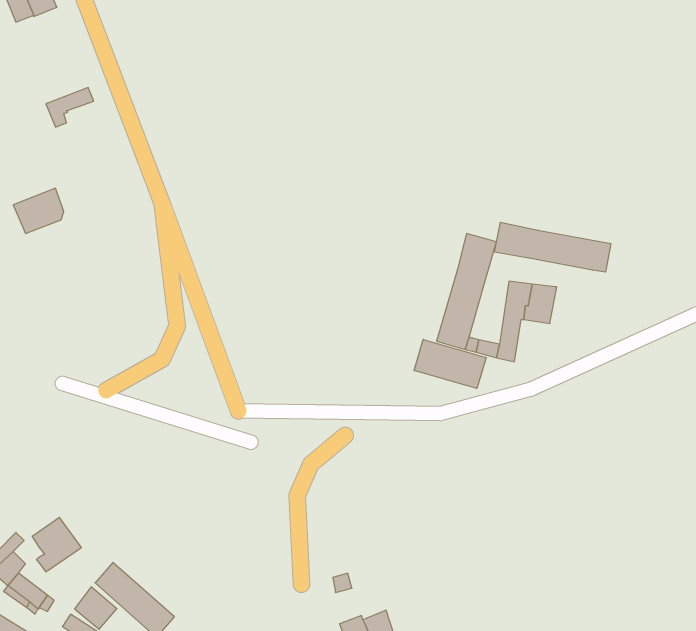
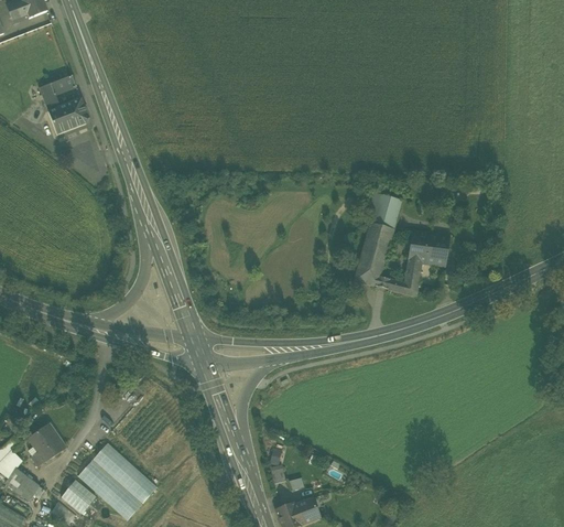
building: [13,188,64,233] -> [46,98,87,135]
building: [495,222,611,272] -> none
building: [414,339,486,388] -> none
building: none -> [91,442,155,503]

